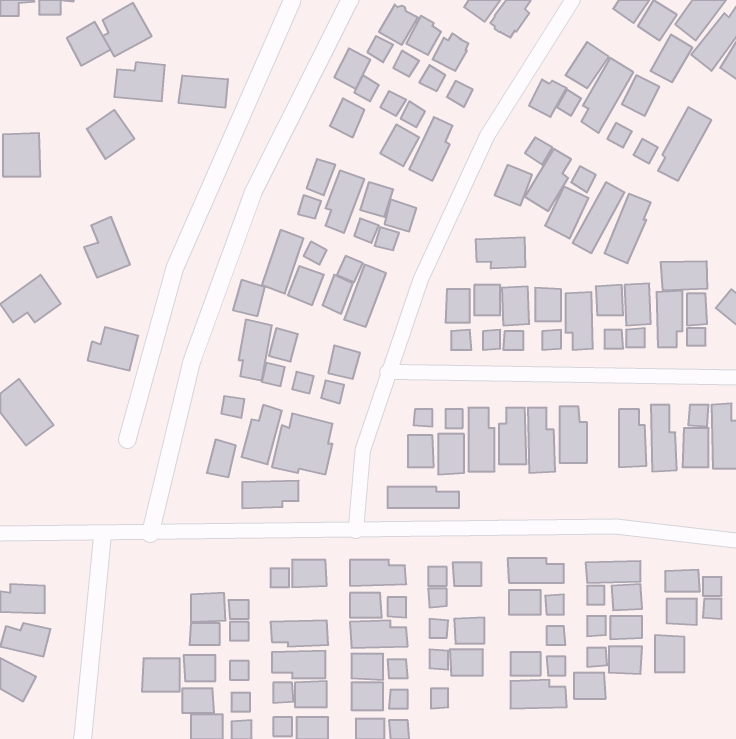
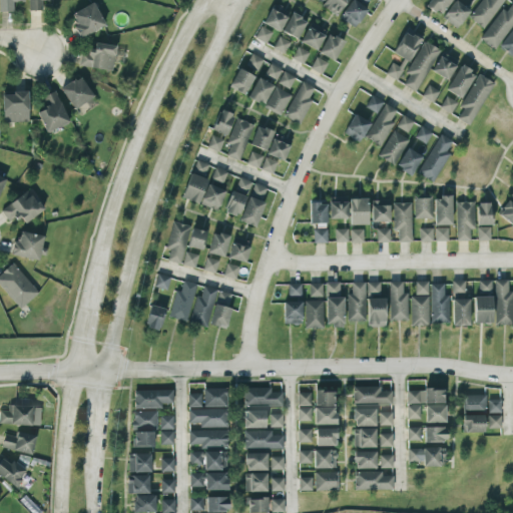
building: [67,22,110,66] -> none
building: [650,35,692,82] -> [447,65,476,98]
building: [334,48,370,89] -> [249,77,275,105]
building: [179,75,228,108] -> none
building: [529,79,567,117] -> [321,34,347,60]
building: [84,217,130,278] -> [38,90,70,132]
building: [476,237,525,269] -> none
building: [661,261,707,290] -> none
building: [233,280,265,316] -> [208,231,230,256]
building: [88,327,138,370] -> [10,230,45,261]
building: none -> [411,282,430,326]
building: [242,481,299,508] -> [135,390,174,409]
building: [388,487,459,508] -> none
building: none -> [315,407,337,424]
building: none -> [189,409,228,428]
building: [655,635,684,673] -> none
building: [142,658,180,692] -> none
building: [574,673,606,699] -> [355,429,377,447]
building: none -> [316,472,339,491]

